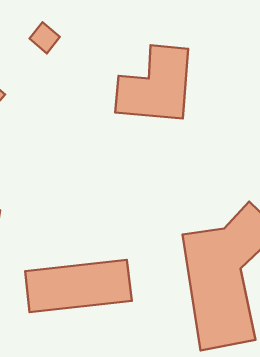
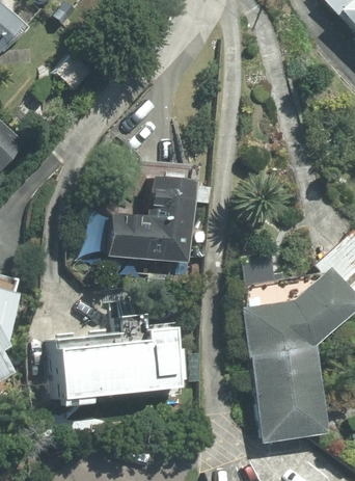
building: [115,45,188,118] -> [108,175,195,262]

